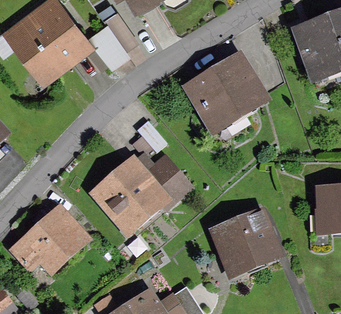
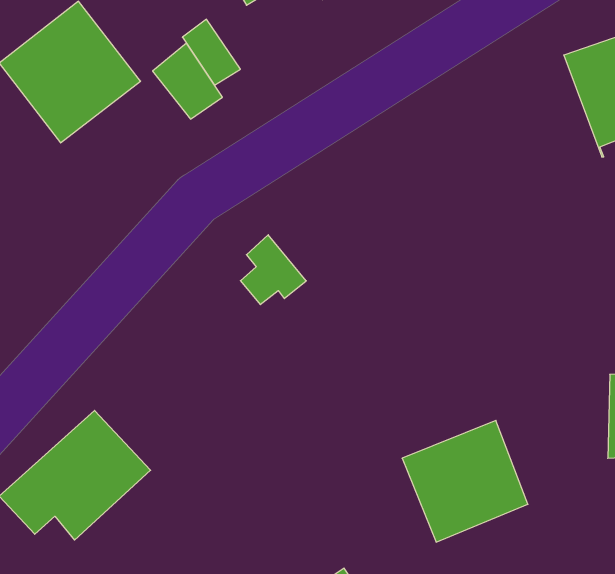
building: [190,62,260,128] -> none
building: [99,159,184,228] -> none

